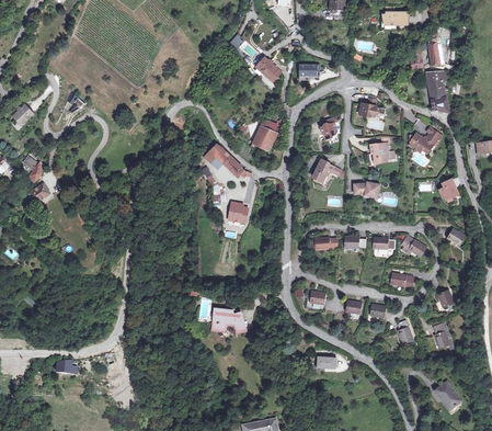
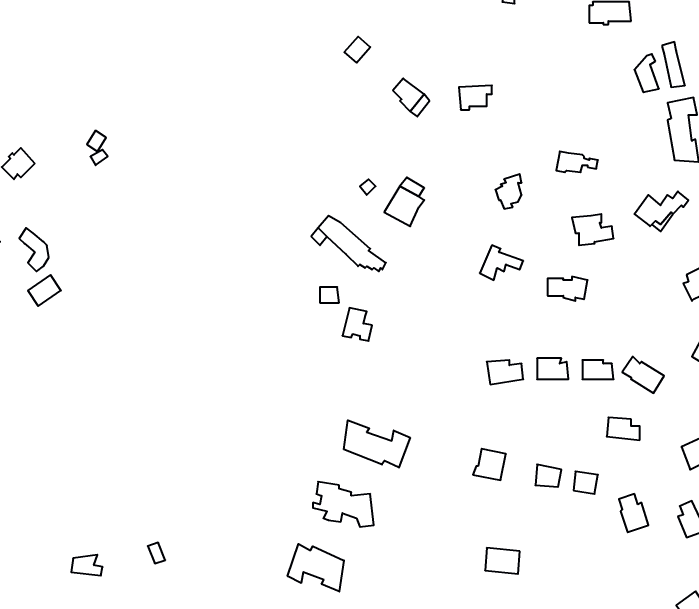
building: none -> [344,420,410,468]
building: none -> [288,544,344,592]

